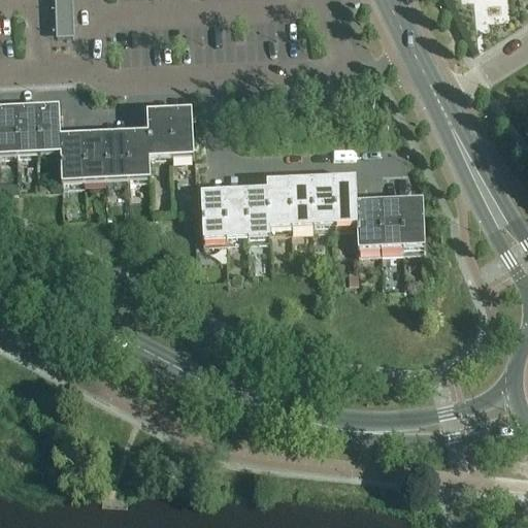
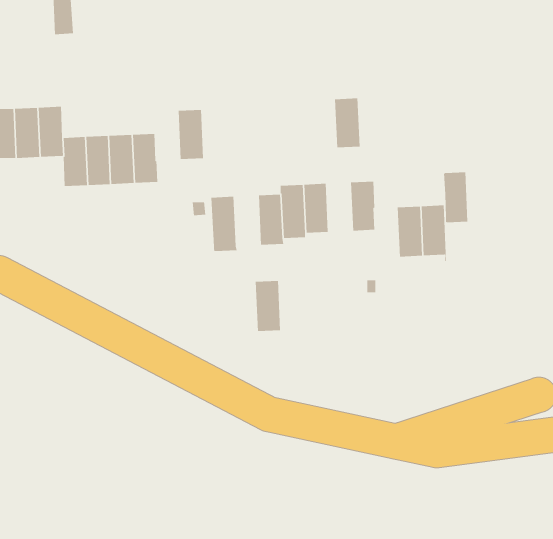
building: [146,105,171,153] -> none
building: [310,173,335,221] -> [334,98,360,148]
building: [223,186,248,234] -> [255,280,281,331]
building: [356,197,380,251] -> [443,172,468,228]

